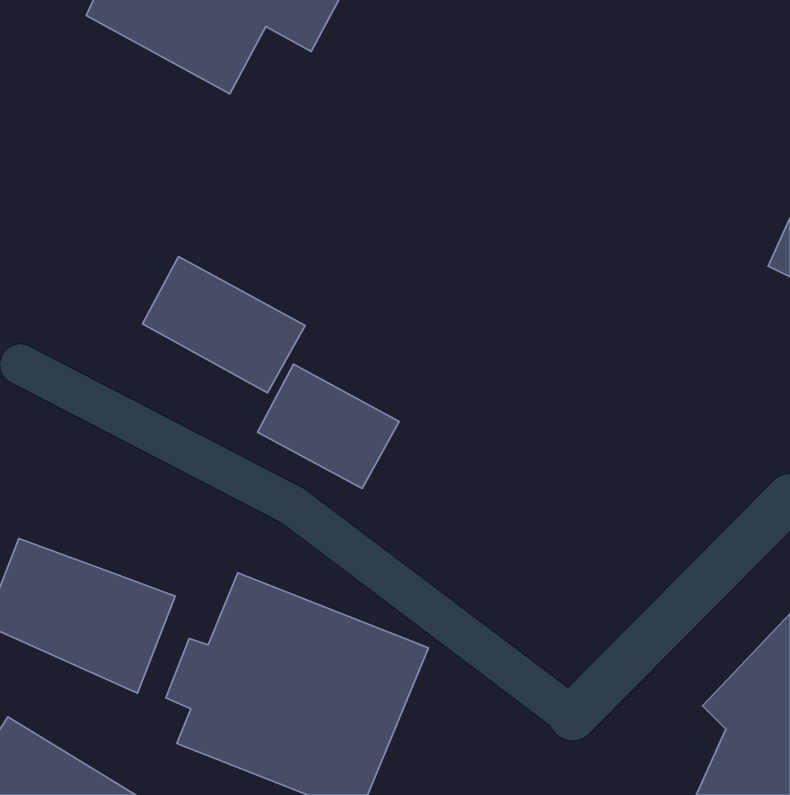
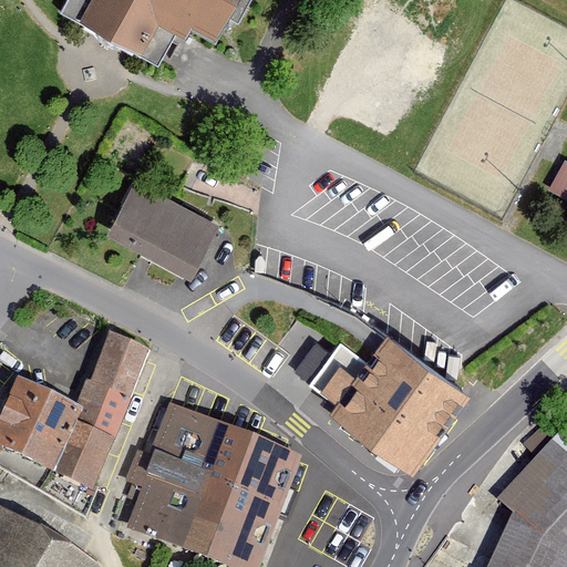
building: [257,364,399,489] -> none
building: none -> [76,330,152,422]
building: none -> [303,330,457,463]

